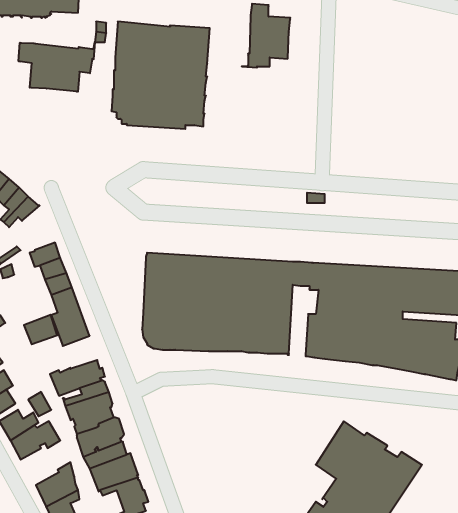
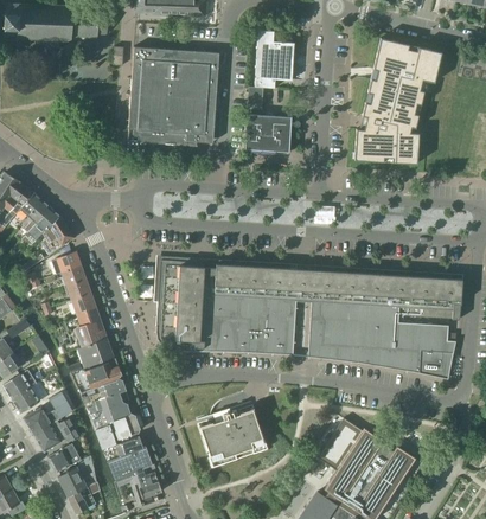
building: none -> [354,38,442,164]
building: [19,42,95,92] -> none
building: none -> [245,104,300,152]
building: none -> [41,217,75,255]
building: [24,315,57,344] -> [83,338,114,365]
building: none -> [198,404,268,467]
building: none -> [47,443,81,474]

